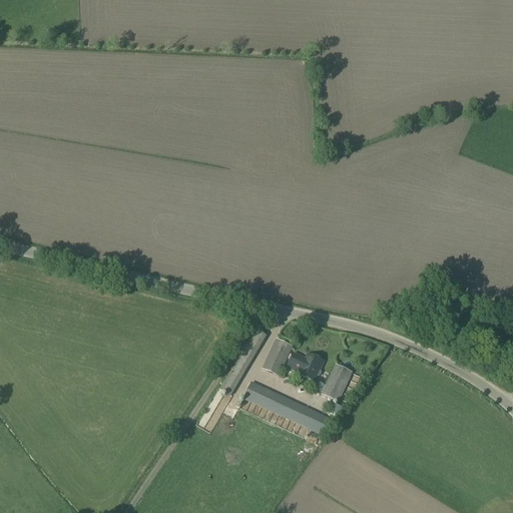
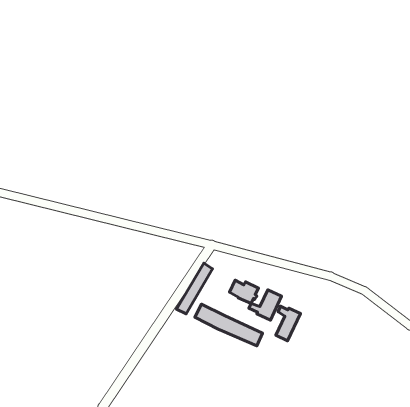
building: [262,337,292,374] -> none
building: none -> [276,306,300,341]

